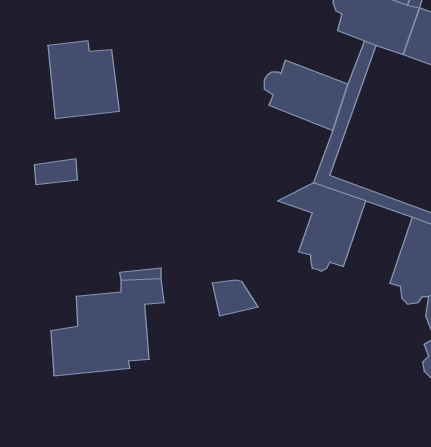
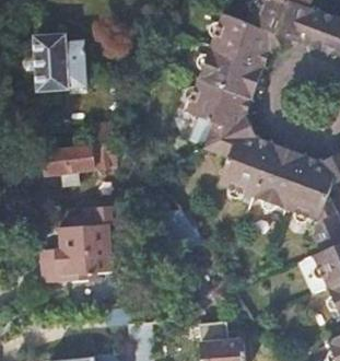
building: none -> [210,18,270,66]
building: none -> [185,81,247,151]
building: none -> [42,141,117,183]
building: none -> [255,151,305,214]

